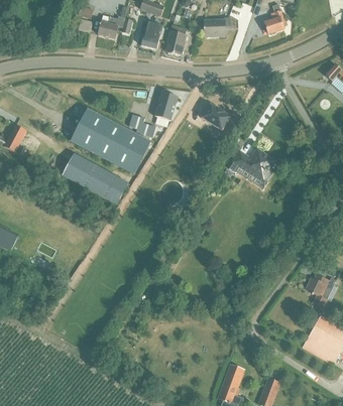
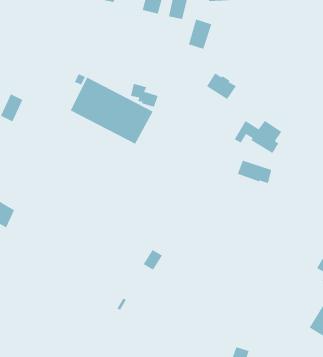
building: [155,92,179,121] -> [188,19,212,50]
building: [63,144,133,202] -> none
building: none -> [237,160,272,184]

